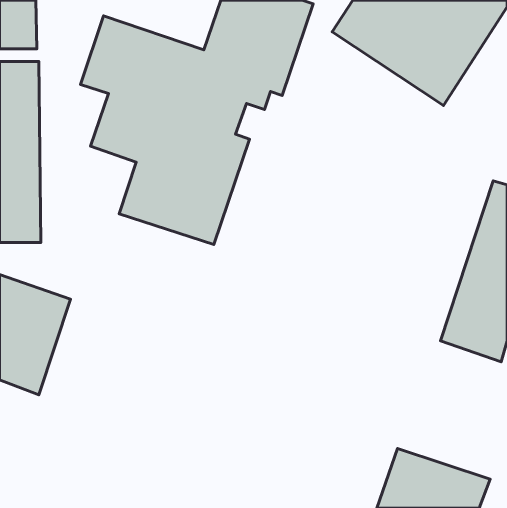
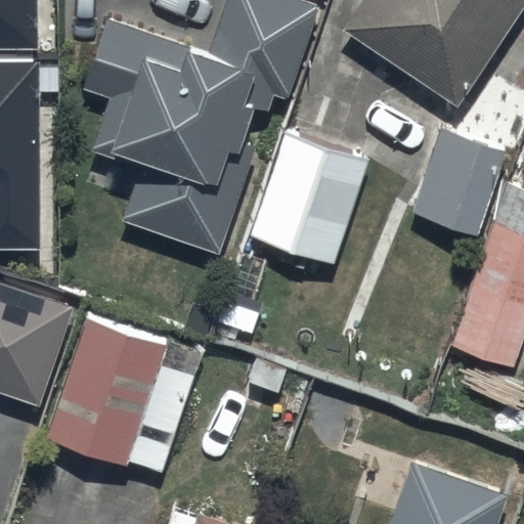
building: none -> [411,131,507,237]
building: none -> [250,133,368,266]
building: none -> [40,307,203,470]

